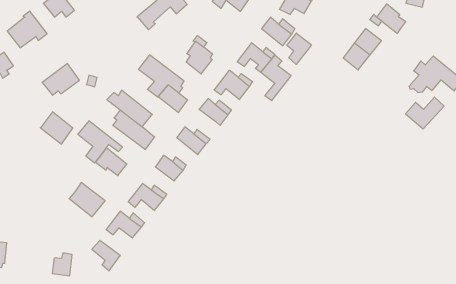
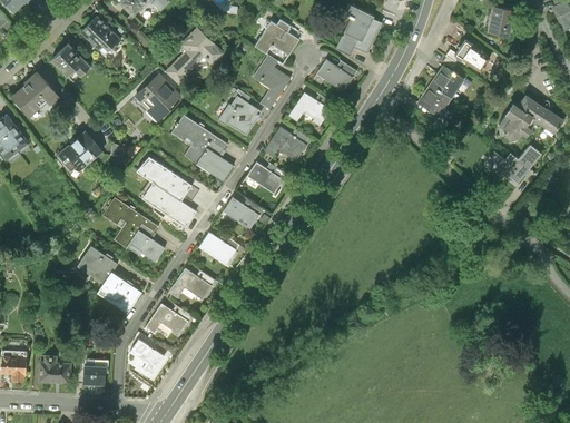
building: none -> [136,72,180,121]
building: [287,33,311,64] -> none
building: [261,55,291,101] -> [253,55,289,109]
building: [40,112,73,144] -> [78,246,117,284]
building: none -> [40,354,71,383]

